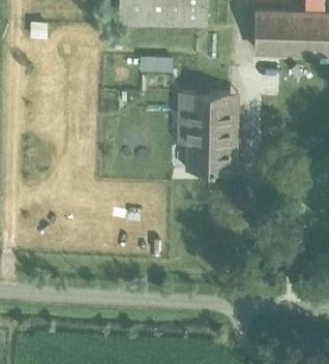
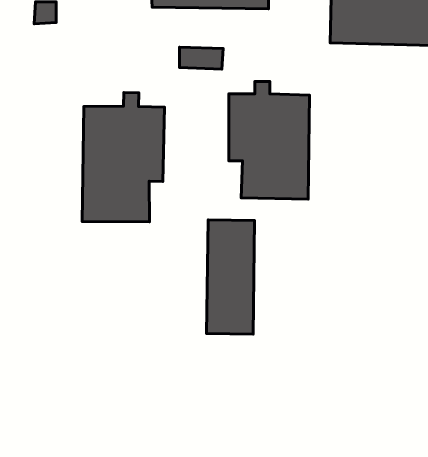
building: none -> [82,93,165,222]
building: none -> [207,220,255,334]

